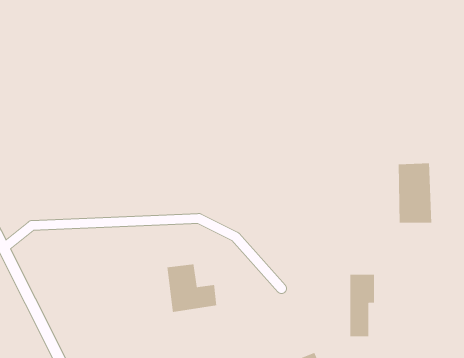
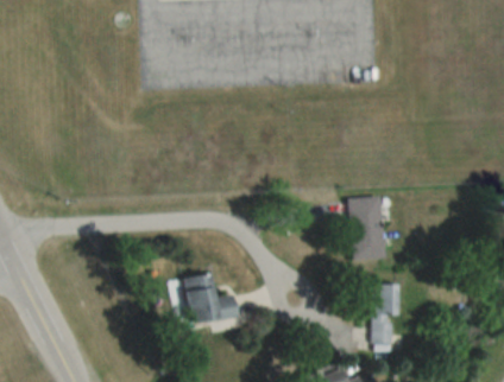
building: [398,163,432,224] -> [348,197,384,260]

